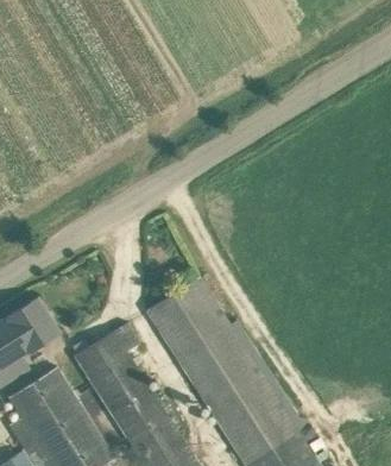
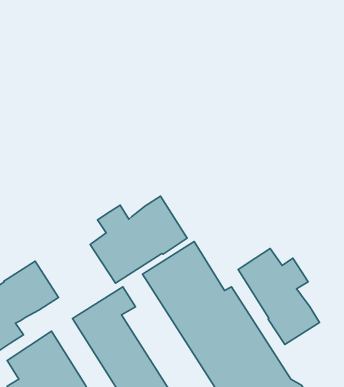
building: none -> [90,196,187,283]
building: none -> [238,249,320,344]

